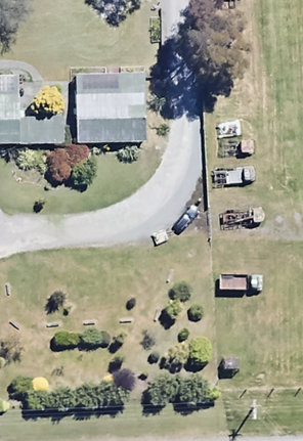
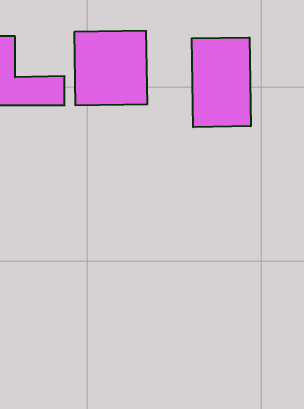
building: none -> [192,37,251,127]

